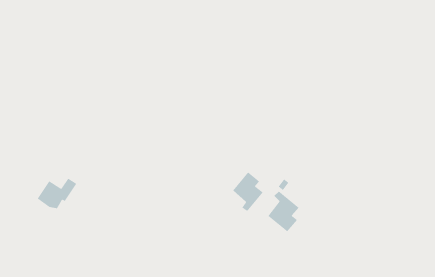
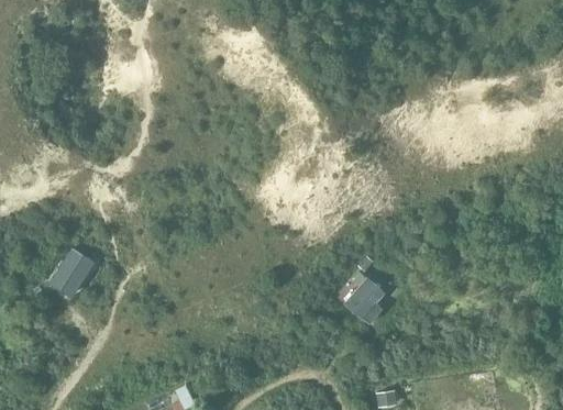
building: [232,172,264,212] -> none

